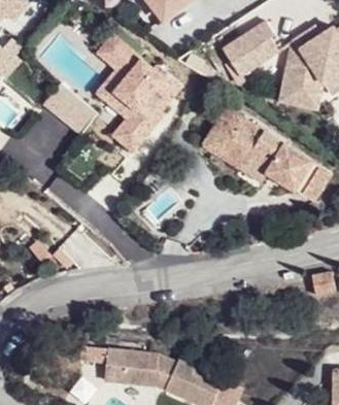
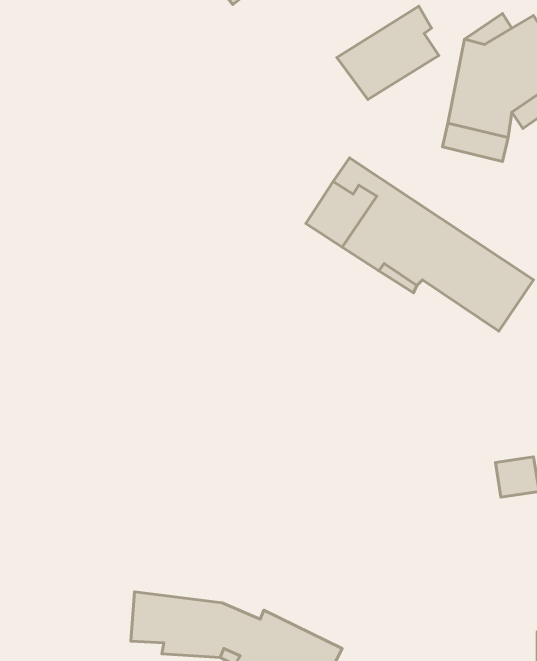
building: [96,33,181,150] -> none
building: [44,86,94,133] -> none

